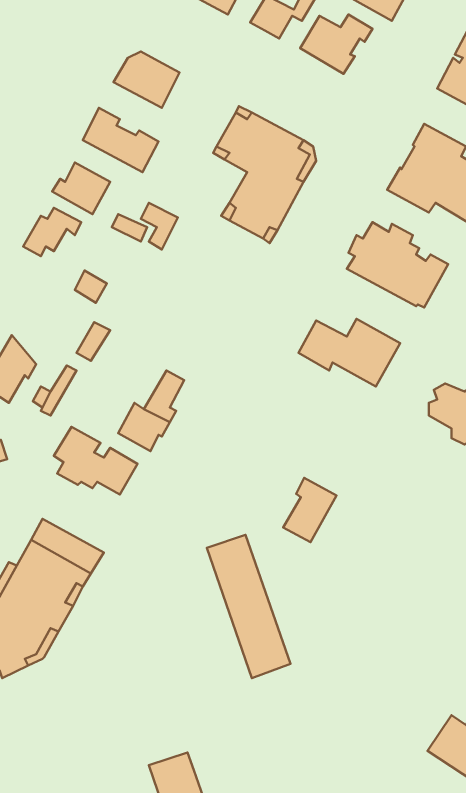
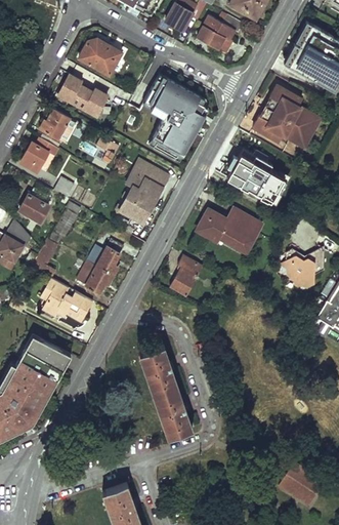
building: none -> [121,164,169,225]
building: none -> [18,191,49,221]
building: [283,478,336,542] -> [170,256,204,297]

